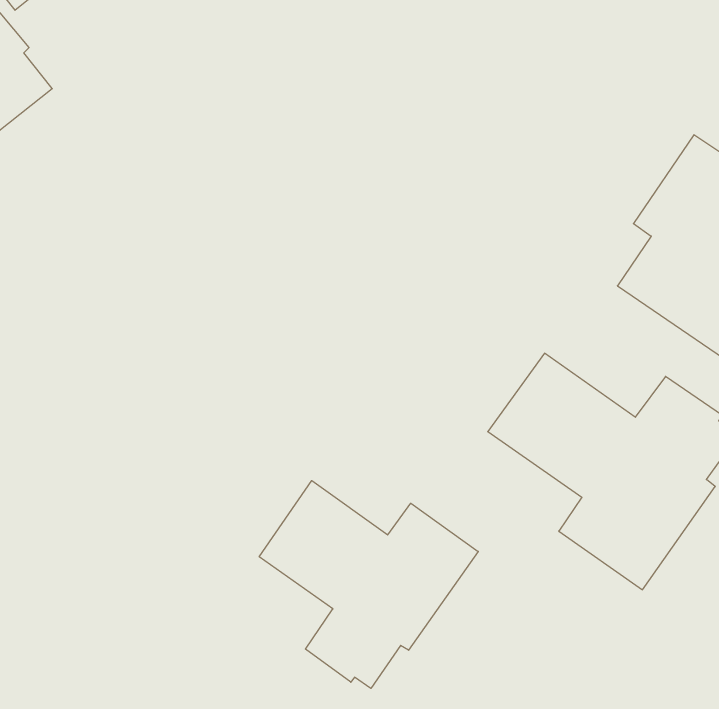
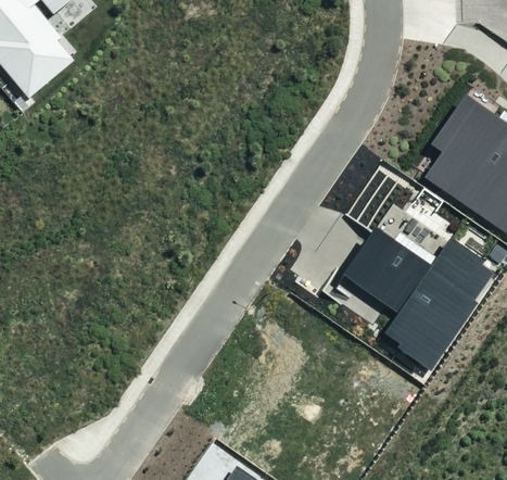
building: [259,481,478,688] -> none

